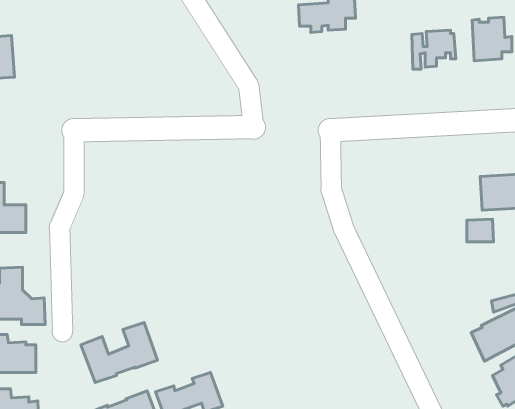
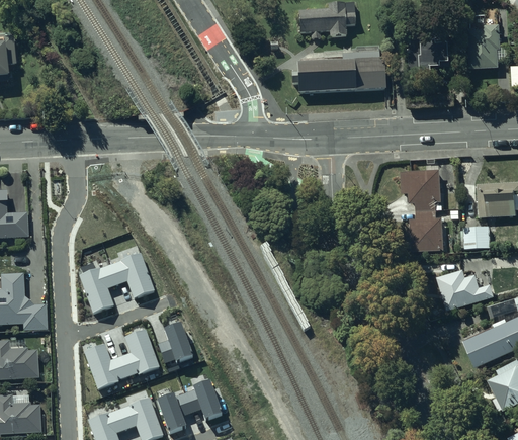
building: none -> [293,45,390,101]
building: none -> [402,170,444,251]
building: none -> [78,251,154,311]
building: none -> [437,269,495,311]
building: none -> [157,321,192,362]

